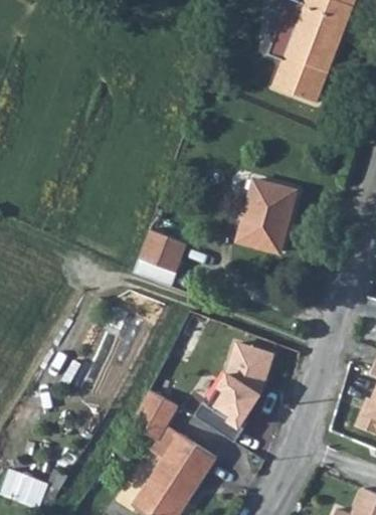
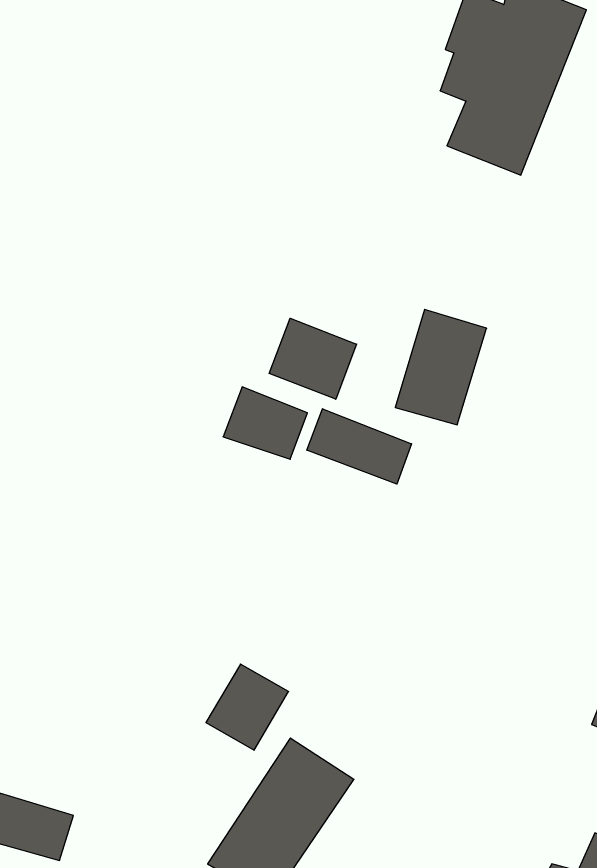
building: none -> [269,318,357,399]
building: none -> [307,409,412,484]
building: [196,342,275,439] -> none

